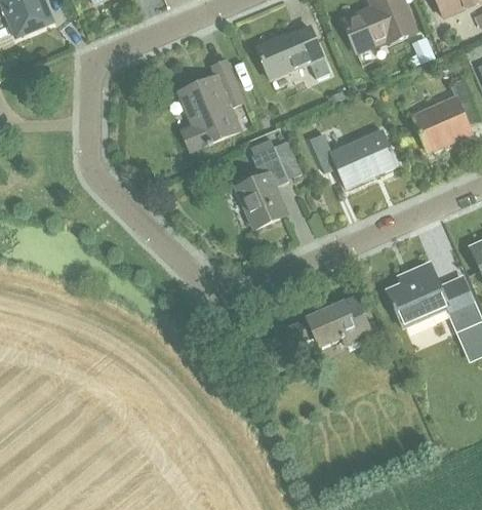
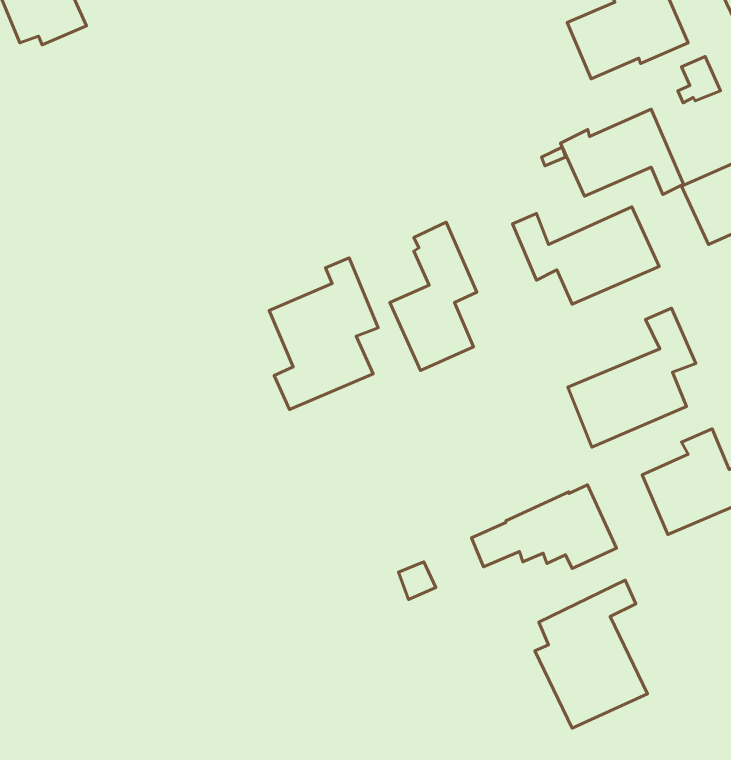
building: [256,26,330,78] -> [561,109,683,196]
building: [178,58,244,150] -> [269,258,378,410]
building: none -> [568,308,696,447]
building: none -> [535,580,648,728]

